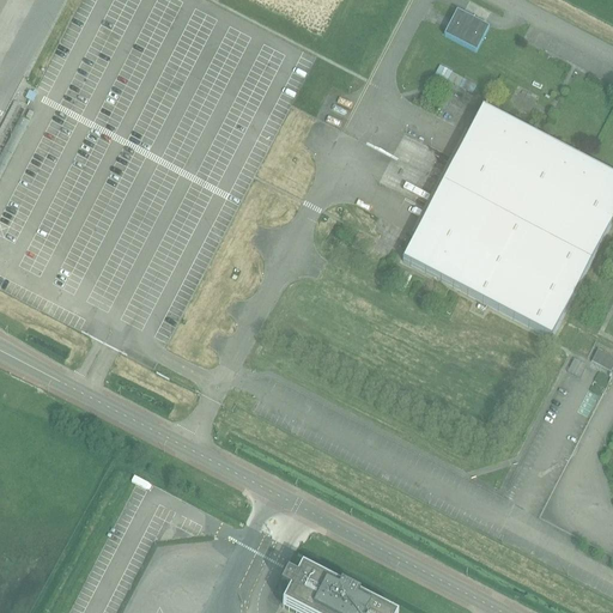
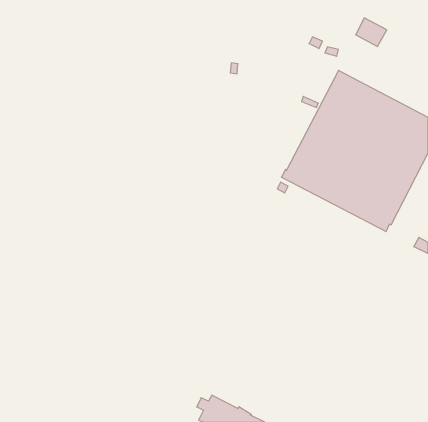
building: [445,5,490,45] -> [356,18,387,47]

